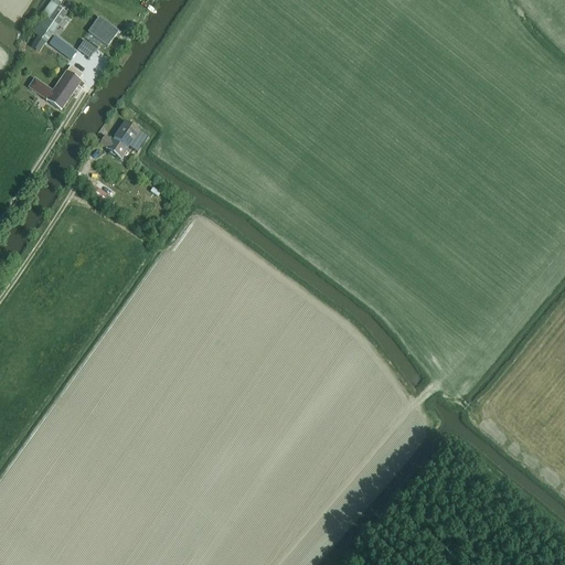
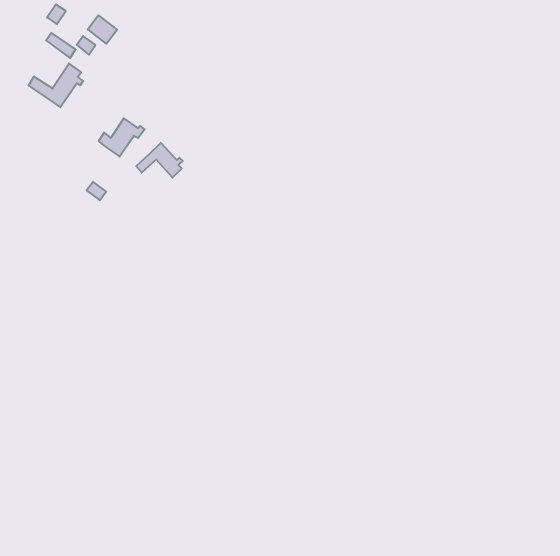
building: none -> [136,143,183,178]

